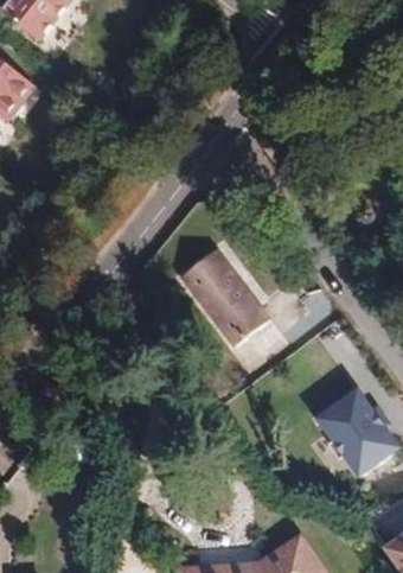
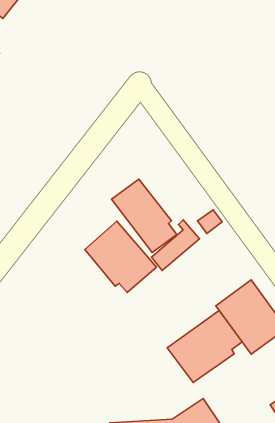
building: none -> [85,221,156,293]
building: none -> [167,310,242,383]

